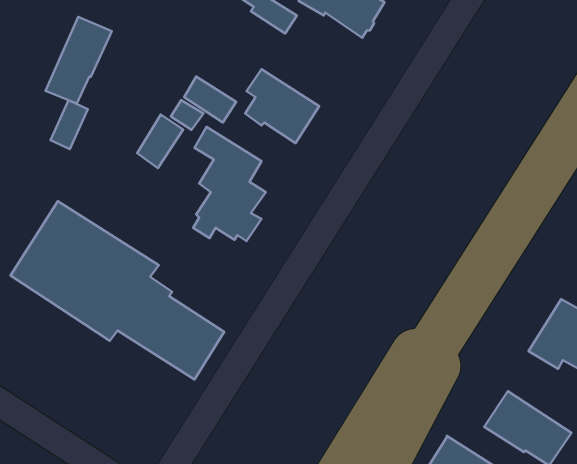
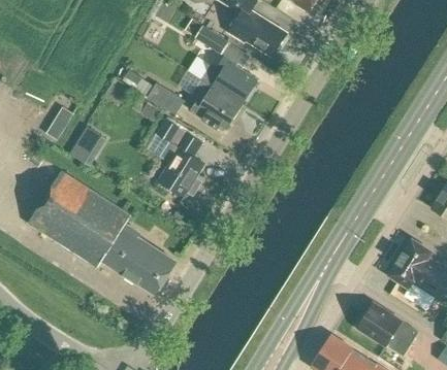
building: [45,17,112,104] -> none
building: none -> [202,42,259,104]
building: [137,115,183,168] -> [70,126,102,163]

